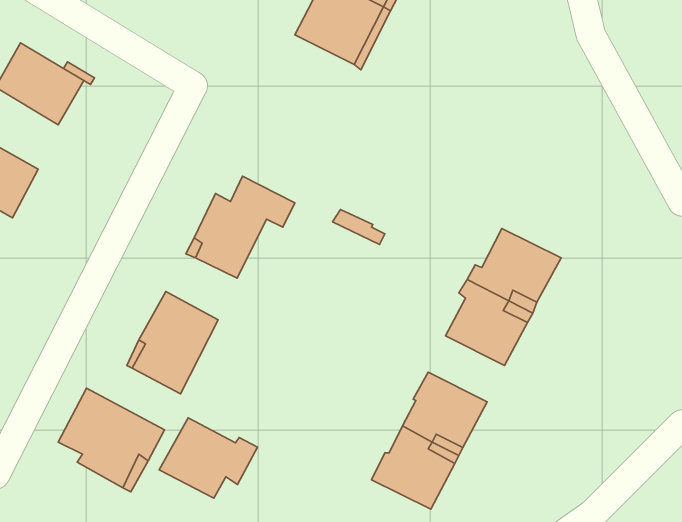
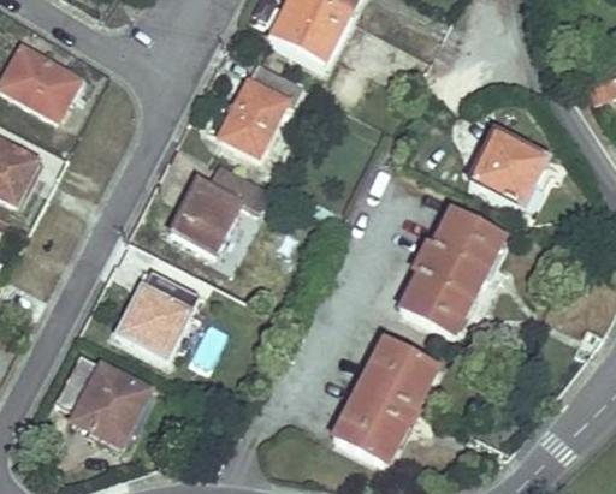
building: none -> [219,60,302,156]
building: none -> [469,131,546,207]
building: [159,418,258,498] -> none

